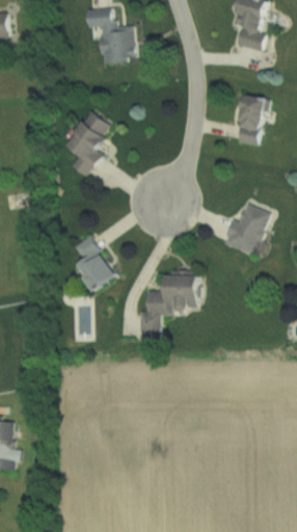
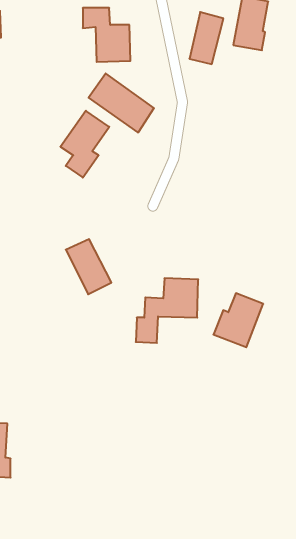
building: none -> [89,73,154,133]
building: [235,94,268,144] -> [189,12,223,64]
building: [222,203,271,256] -> [213,293,263,347]

